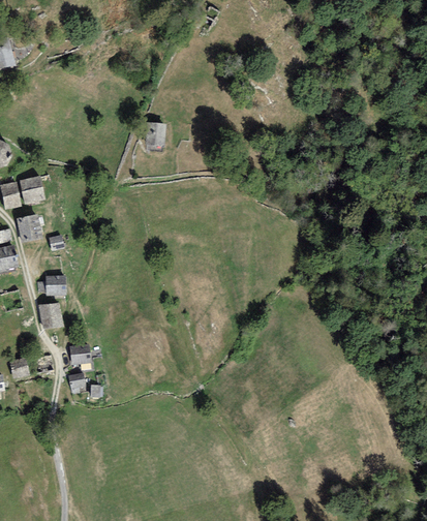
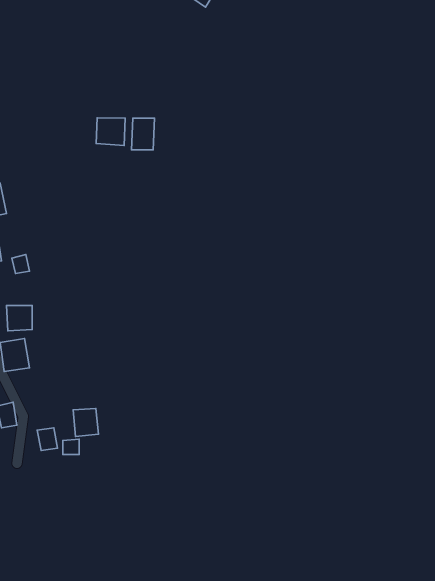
building: none -> [96,118,125,145]
building: [69,342,90,365] -> [73,409,99,437]

